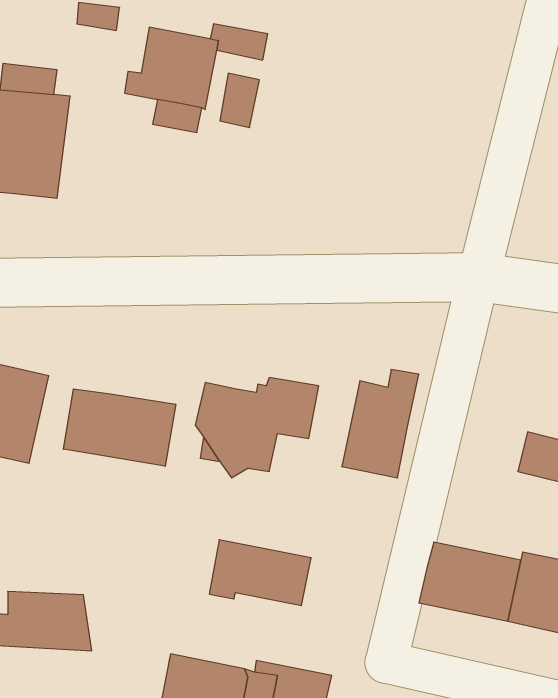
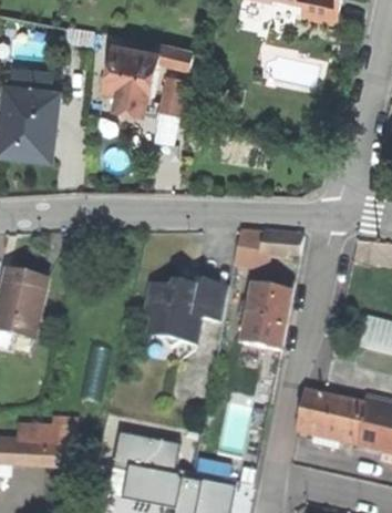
building: none -> [233,228,301,271]
building: [64,389,176,466] -> none
building: [209,540,311,606] -> [110,431,178,475]

